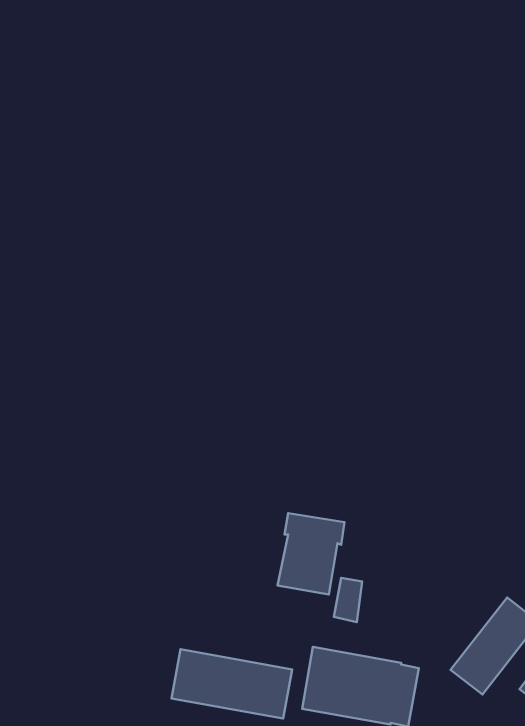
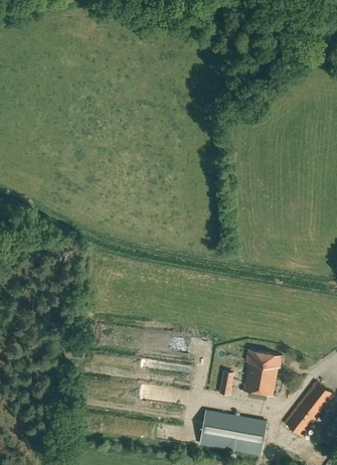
building: [278,513,345,594] -> [243,350,282,397]
building: [171,649,292,718] -> none

